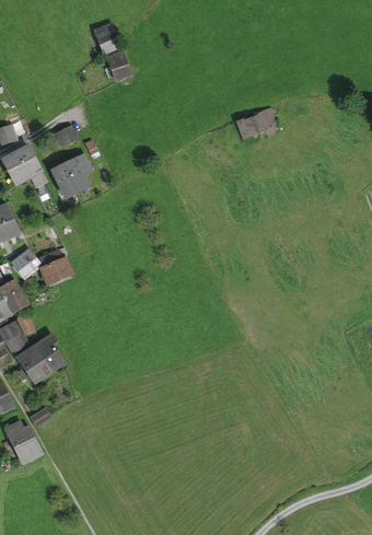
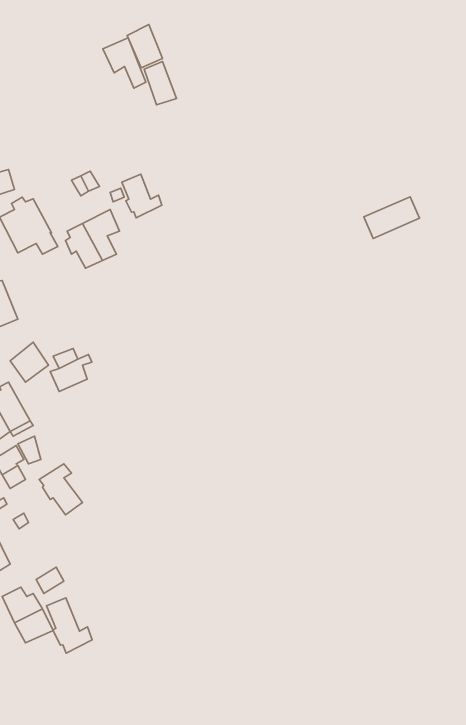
building: none -> [103,38,146,88]
building: [236,107,276,137] -> [364,197,419,238]
building: none -> [122,174,162,218]
building: [16,346,51,382] -> none
building: none -> [46,598,92,653]

